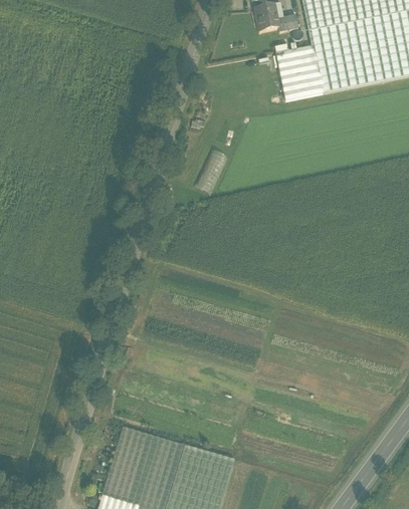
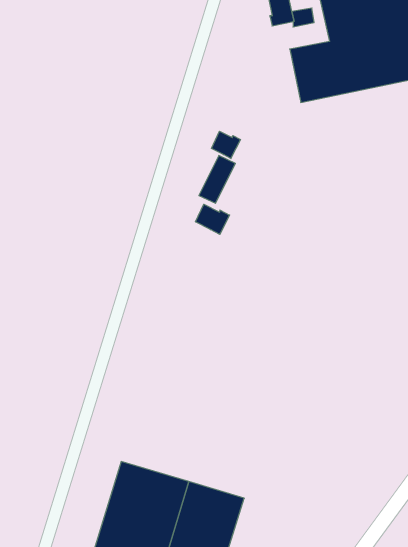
building: none -> [212,131,240,159]
building: none -> [196,204,230,234]

